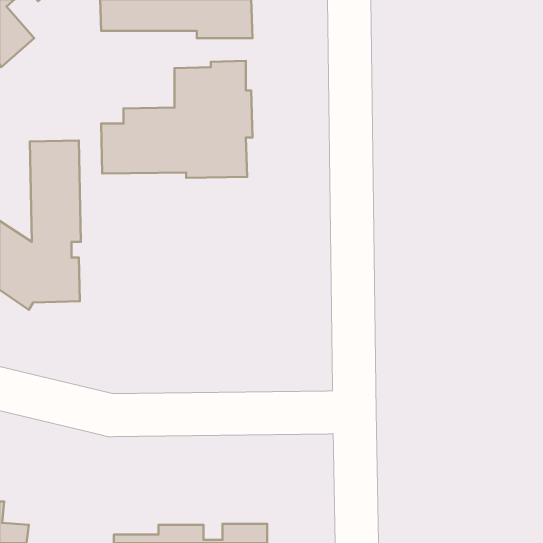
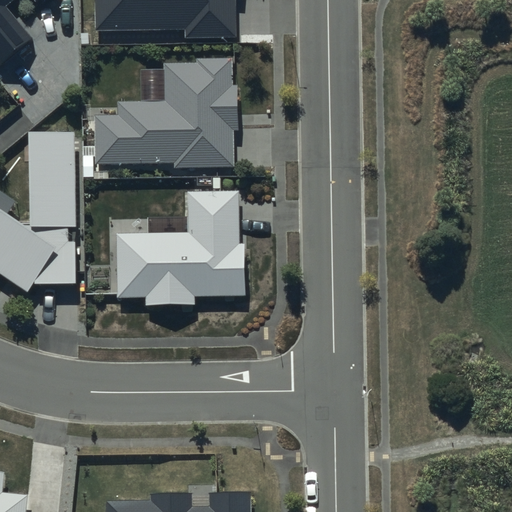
building: none -> [115,192,244,305]

